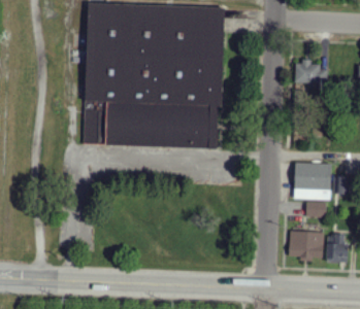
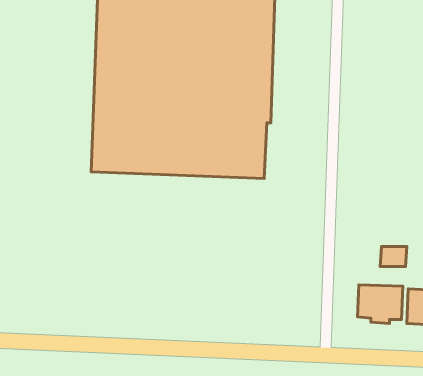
building: [295,60,329,84] -> none
building: [295,162,332,199] -> none

